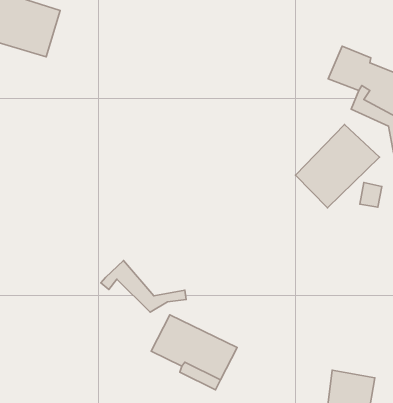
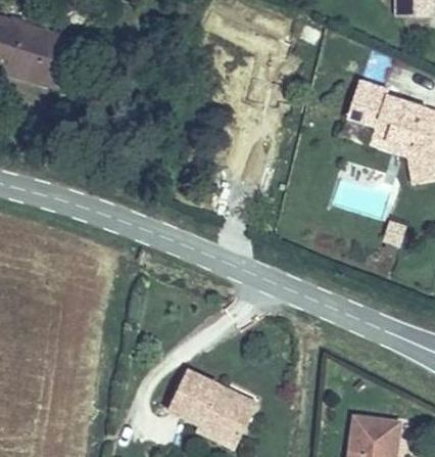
building: [295,125,380,208] -> none
building: [101,260,186,312] -> none

